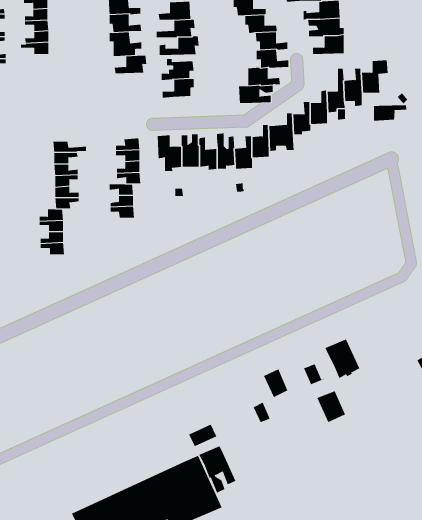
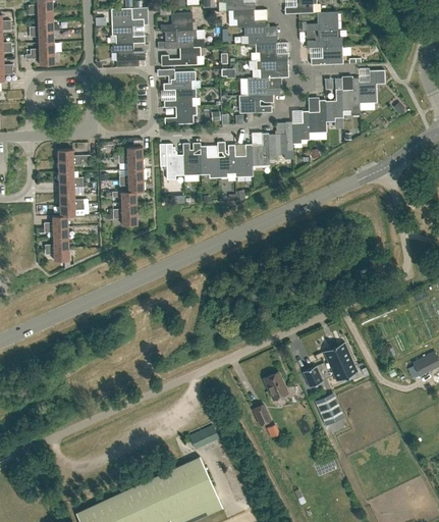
building: [114,55,147,74] -> [164,105,197,123]
building: [373,104,407,121] -> none
building: [199,445,236,494] -> none

